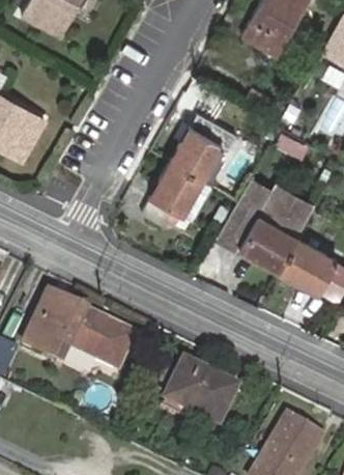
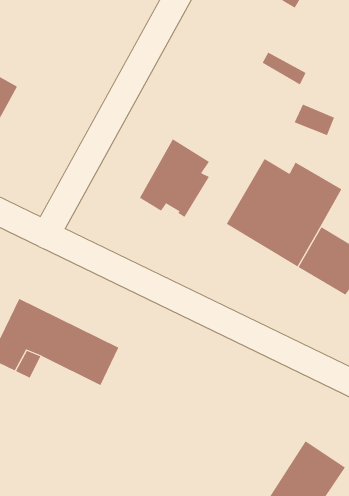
building: [173,116,233,183] -> none
building: [156,364,231,427] -> none

